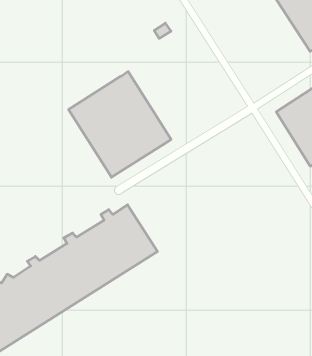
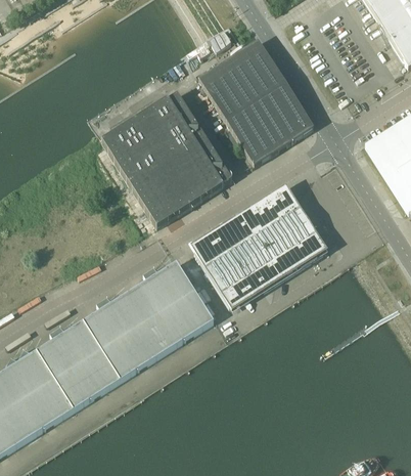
building: none -> [199,40,313,165]
building: none -> [190,184,327,310]

